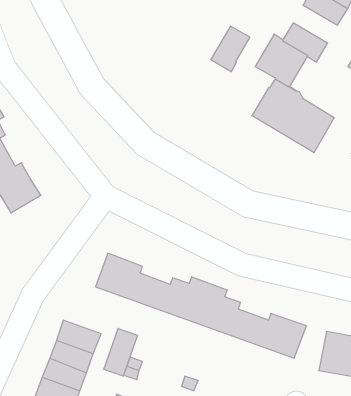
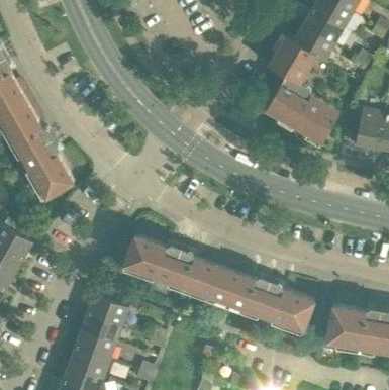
building: none -> [302,11,343,45]
building: [211,26,250,72] -> none
building: [104,328,137,376] -> none

